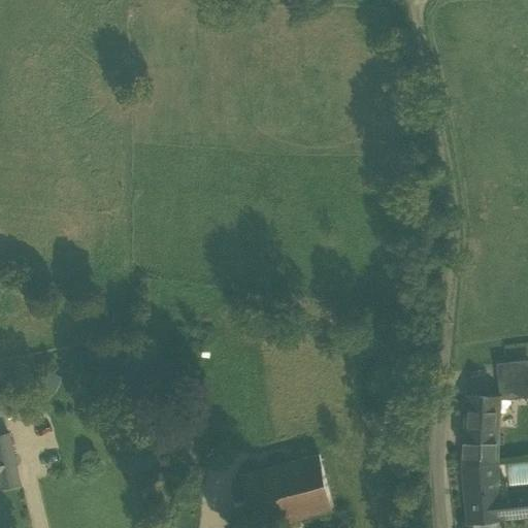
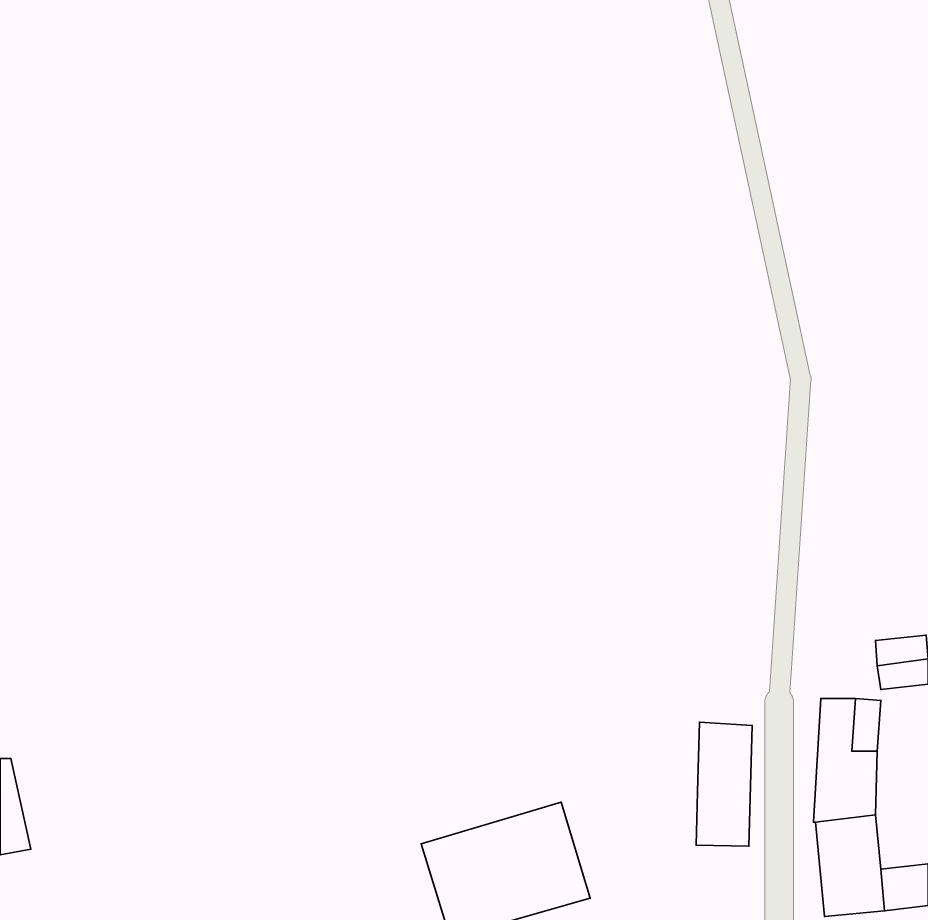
building: none -> [696,722,752,846]

